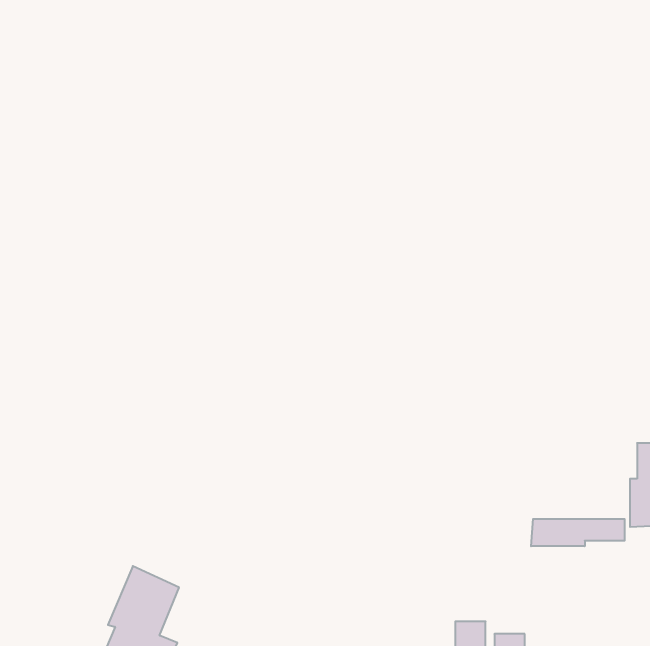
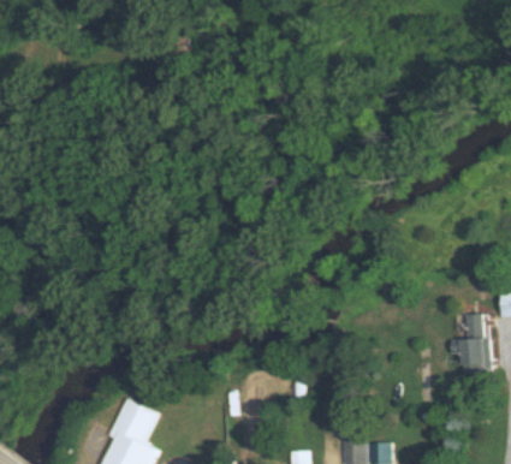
building: [531,519,625,546] -> none

